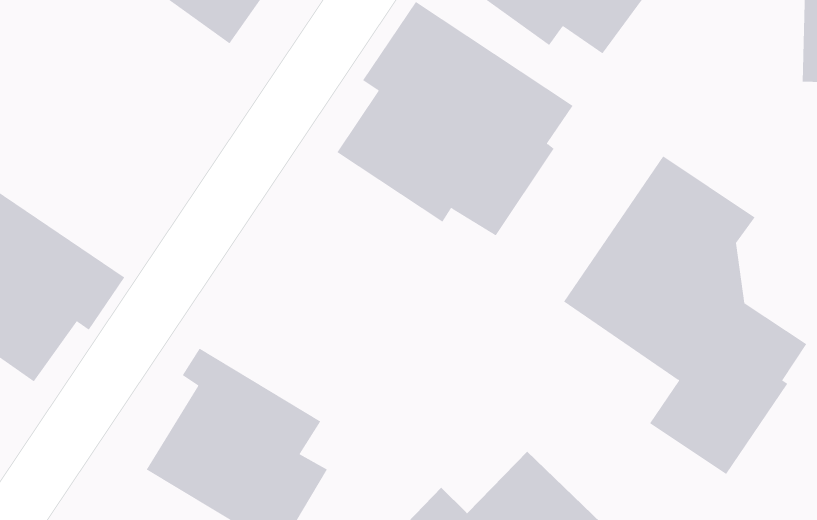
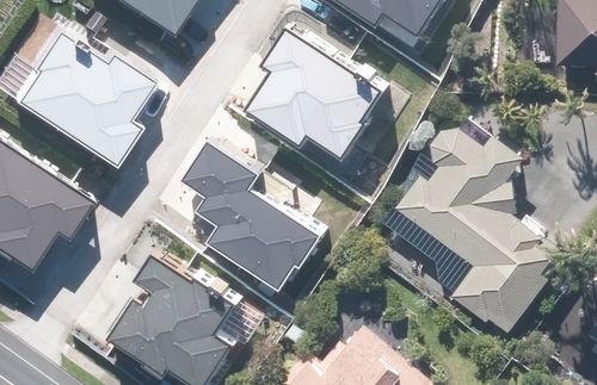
building: none -> [13,26,154,173]
building: none -> [183,131,334,297]

